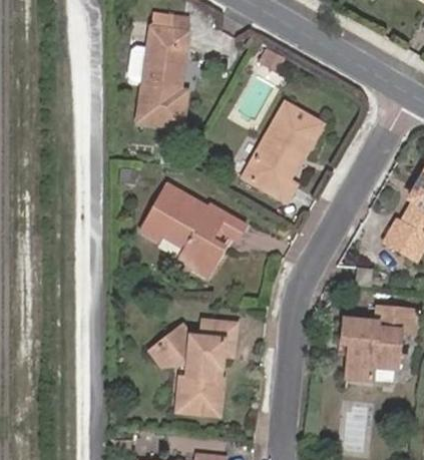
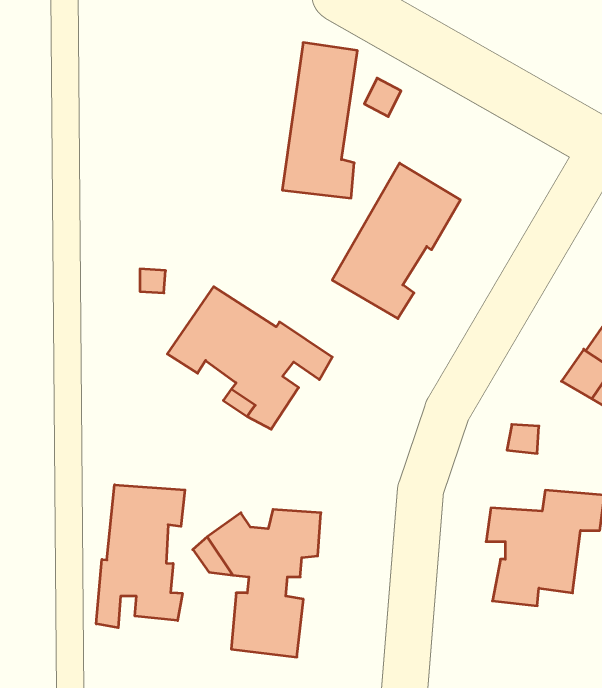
building: [137,25,184,122] -> [282,43,357,198]
building: none -> [96,485,185,628]

